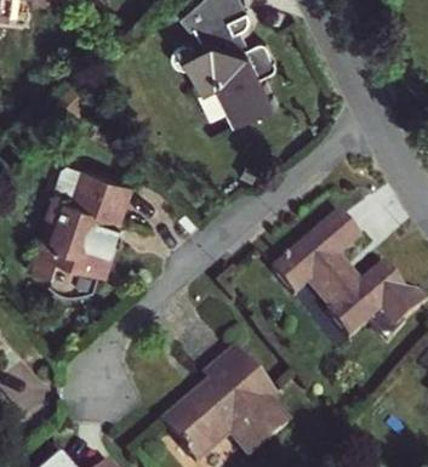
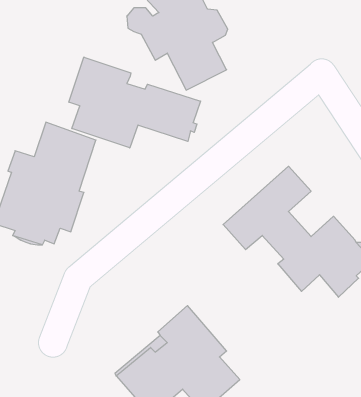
building: none -> [69,57,201,148]

